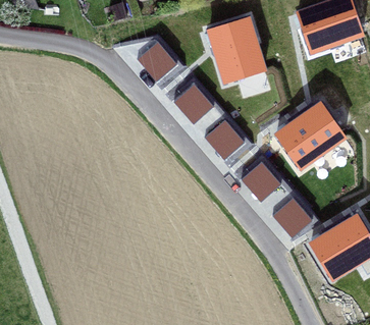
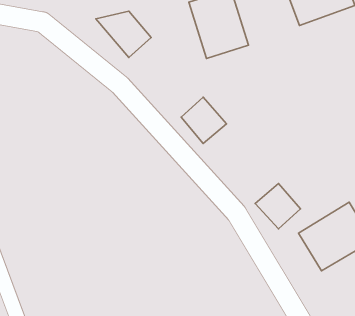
building: [170,82,212,123] -> none
building: [276,102,345,167] -> none
building: [240,161,281,203] -> none

